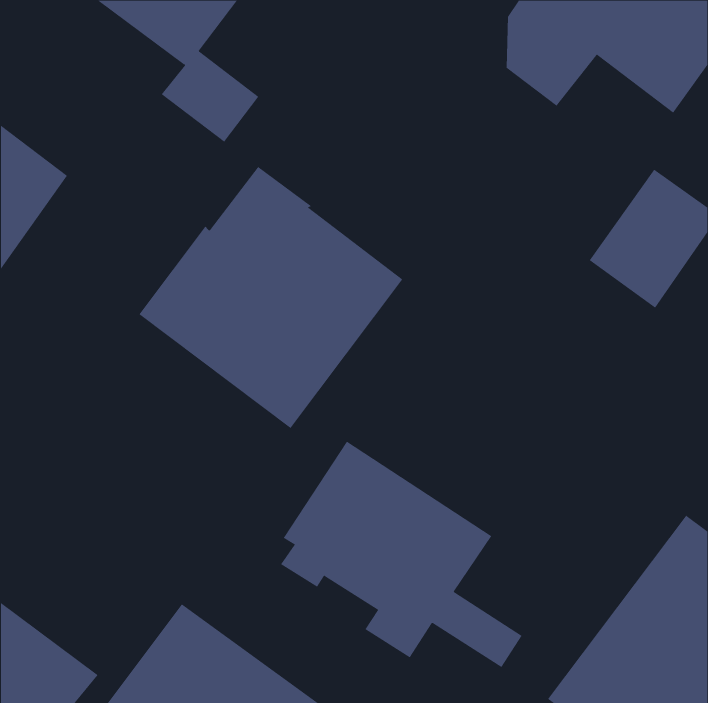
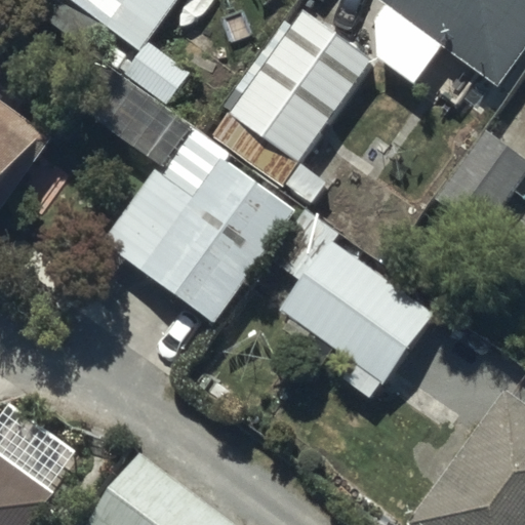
building: none -> [205,11,371,206]
building: [280,441,523,668] -> [279,236,458,404]

